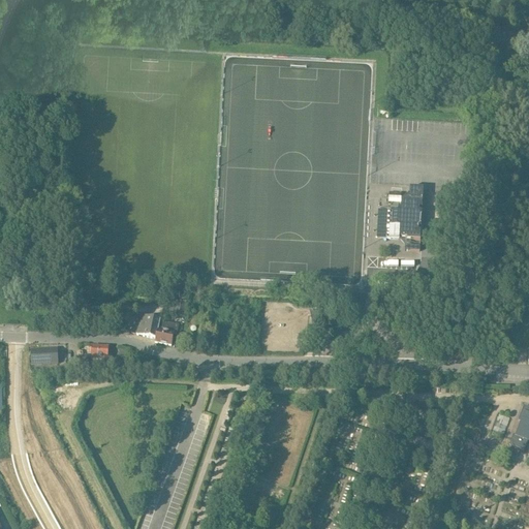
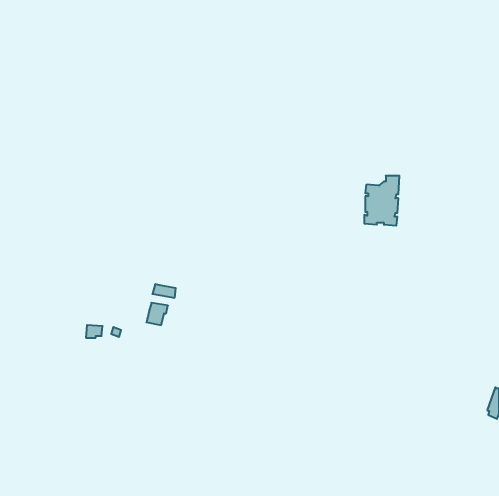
building: [136,313,160,337] -> none
building: [30,346,58,364] -> none

